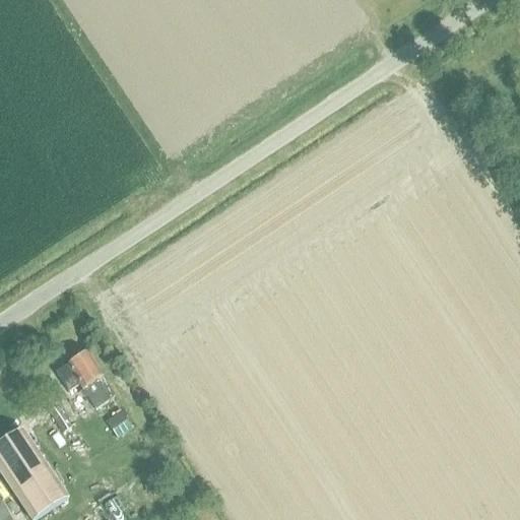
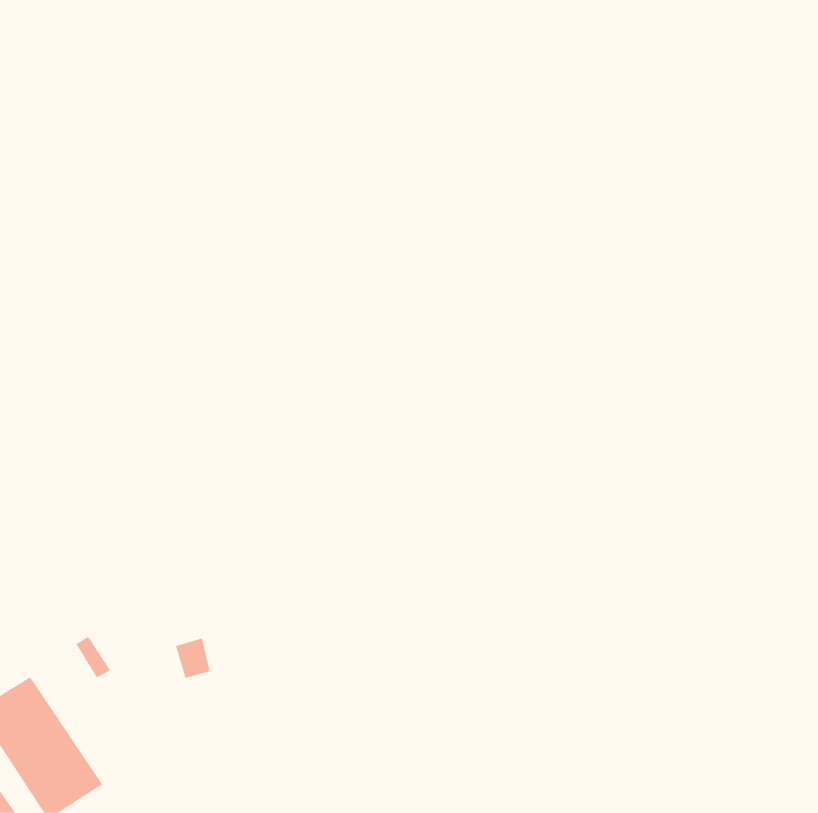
building: [54,351,113,405] -> none

